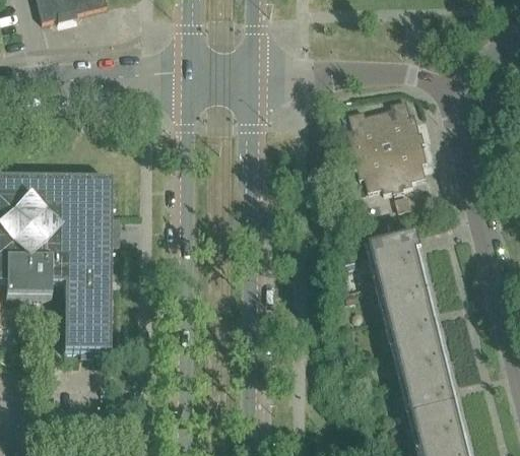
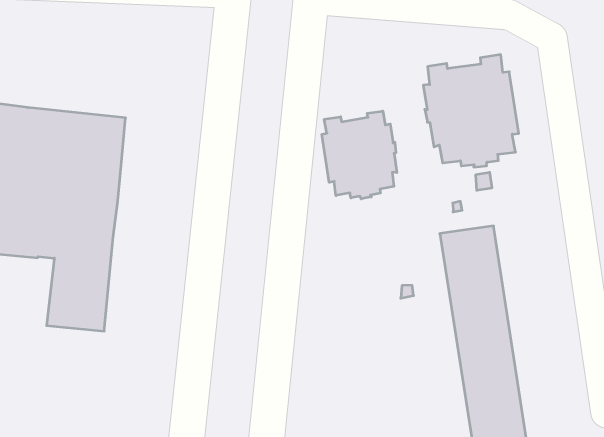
building: none -> [322,111,397,199]

